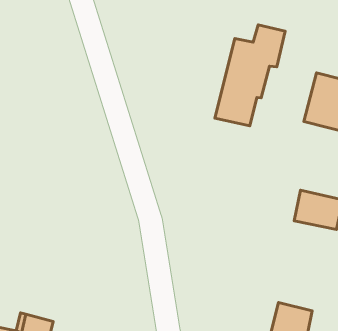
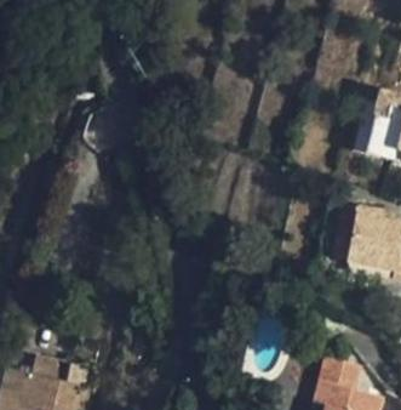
building: [215,25,285,126] -> none

